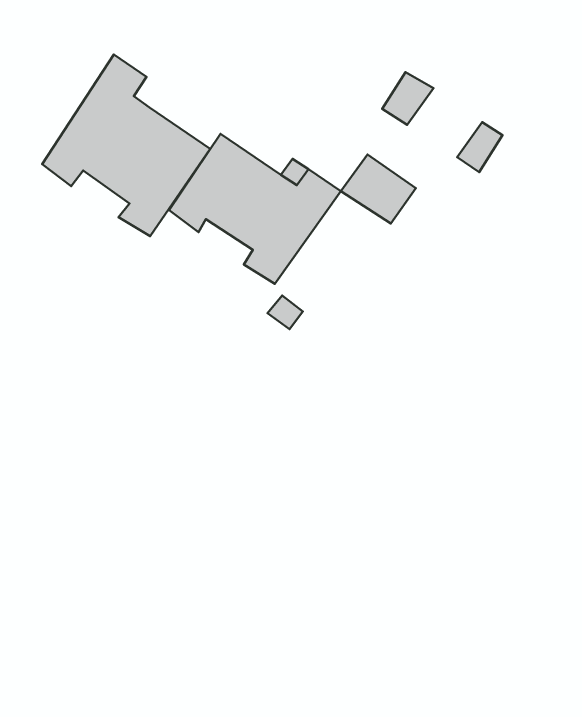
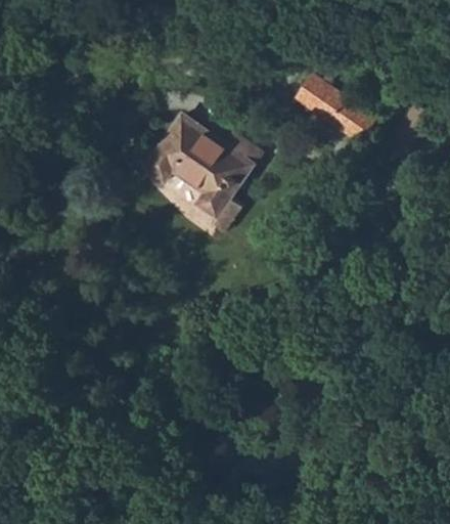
building: [42,54,210,236] -> none
building: [341,154,416,223] -> [309,79,361,127]

